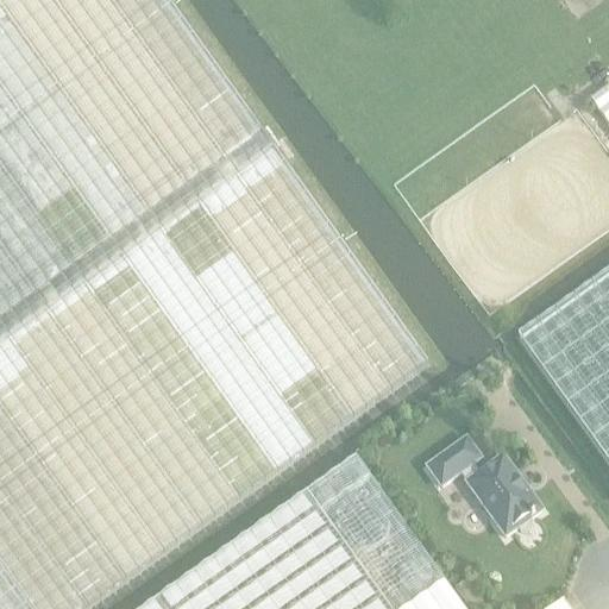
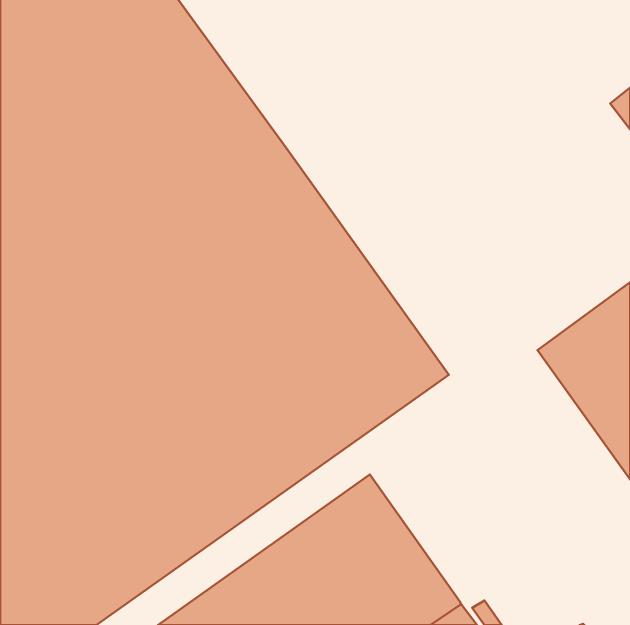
building: [427,440,542,536] -> none

